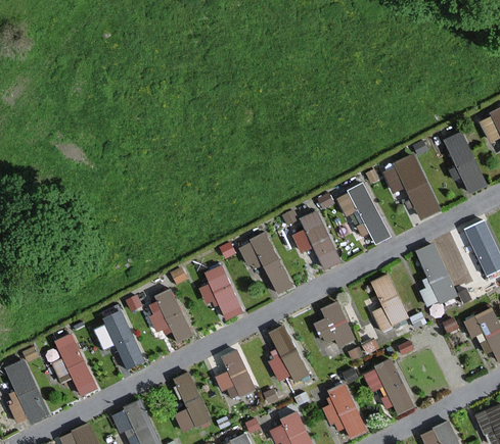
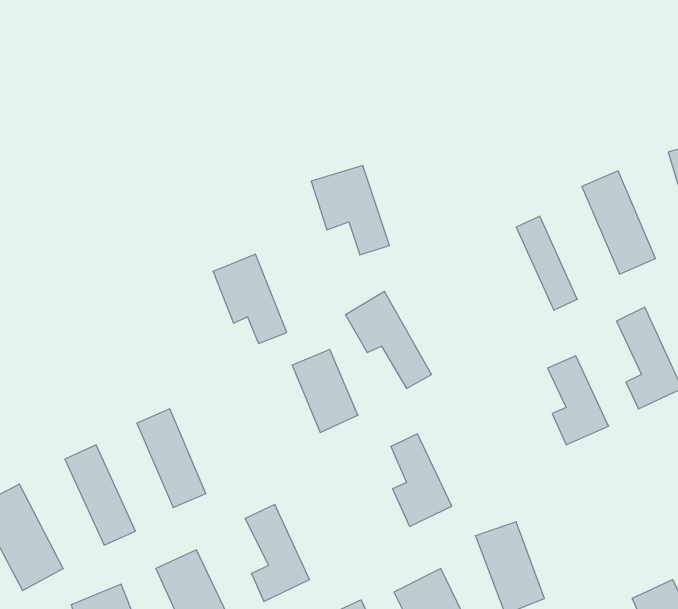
building: [287,212,338,270] -> [311,166,390,255]
building: [145,288,193,346] -> [213,254,287,343]
building: [311,305,355,351] -> none
building: [213,347,256,400] -> none
building: [364,356,415,420] -> none

